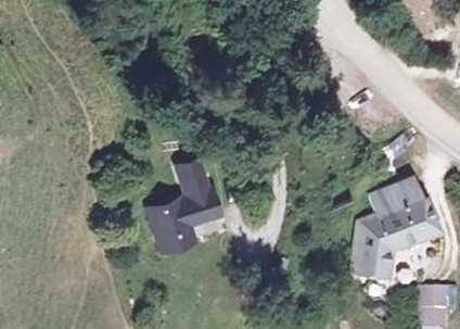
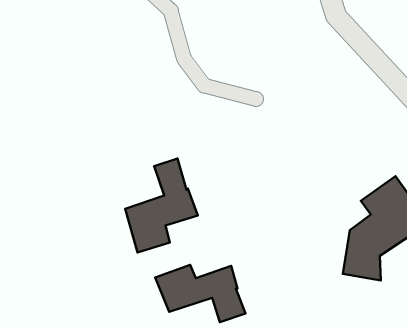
building: none -> [155,265,246,322]

